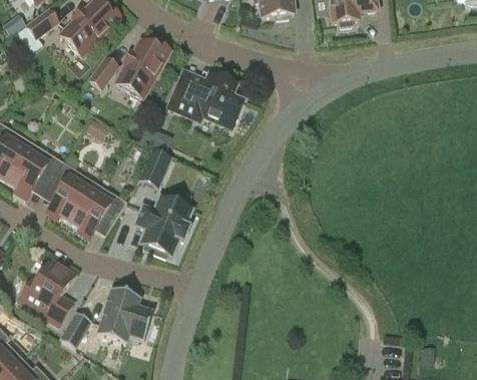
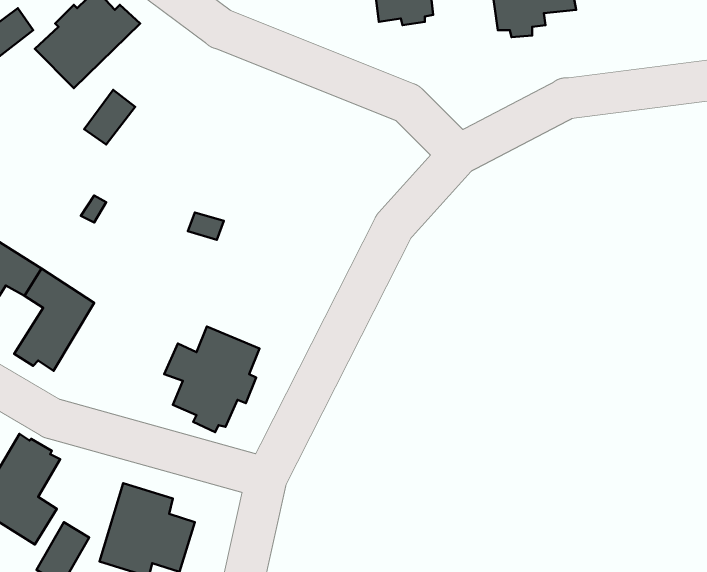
building: [114,38,169,98] -> none
building: [166,70,243,128] -> none
building: [138,149,169,186] -> none
building: [69,182,125,239] -> none

